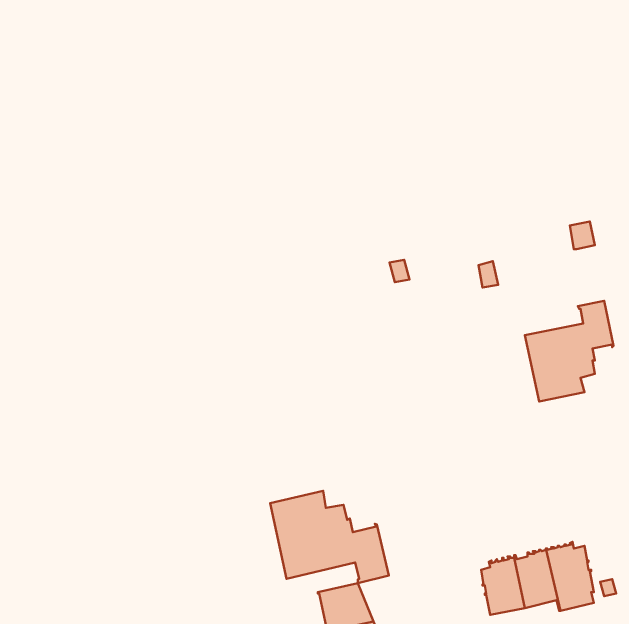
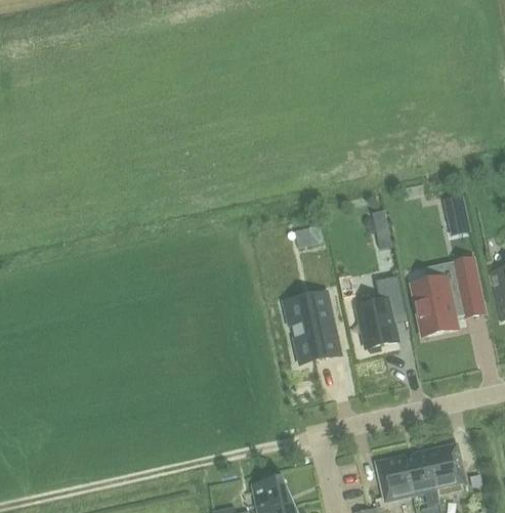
building: none -> [355,274,405,347]
building: none -> [283,291,338,360]
building: [270,491,389,583] -> none

